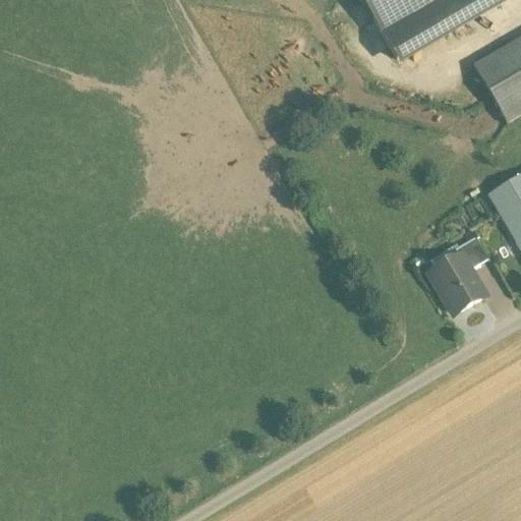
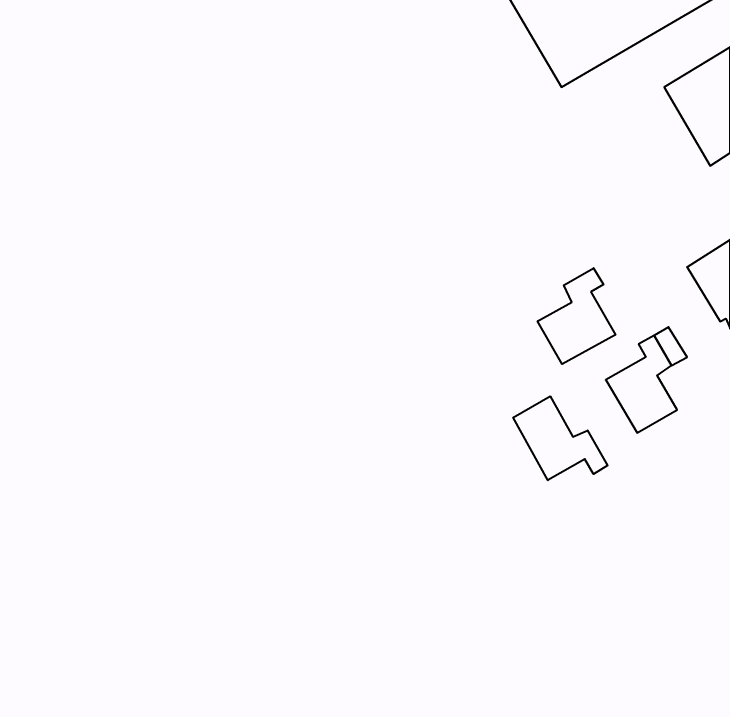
building: none -> [538,268,615,364]
building: none -> [513,396,608,480]

